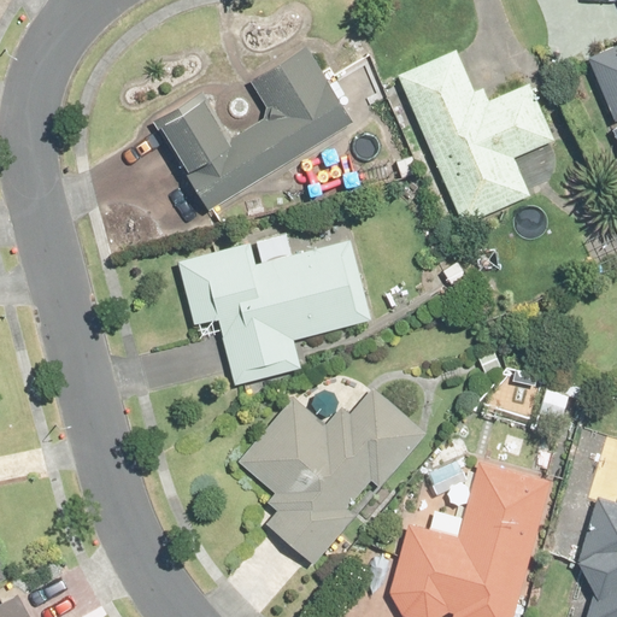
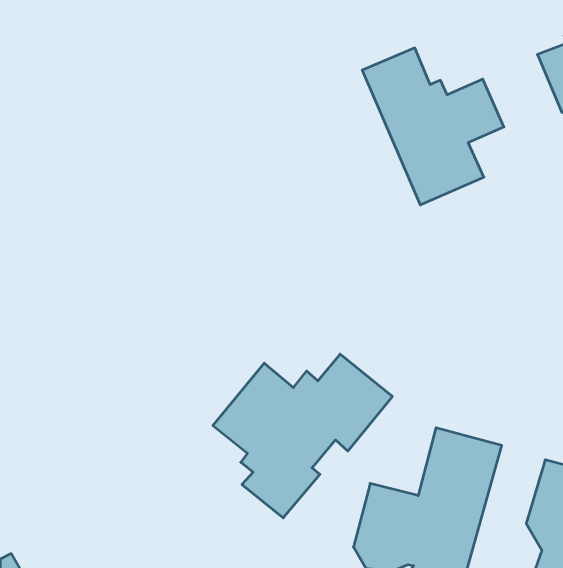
building: [157,46,358,211] -> none
building: [175,239,370,384] -> none

